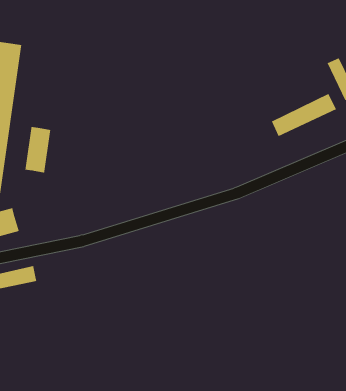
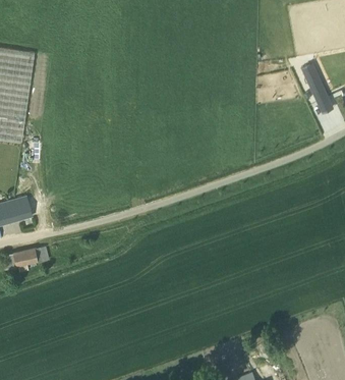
building: [271,93,337,137] -> none
building: [24,126,51,173] -> none

